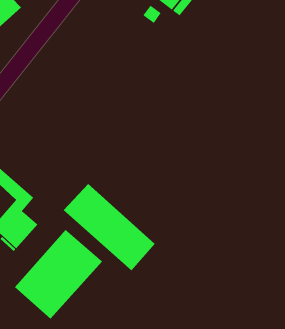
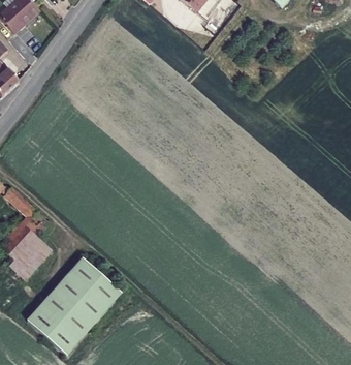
building: [63,183,156,271] -> none

